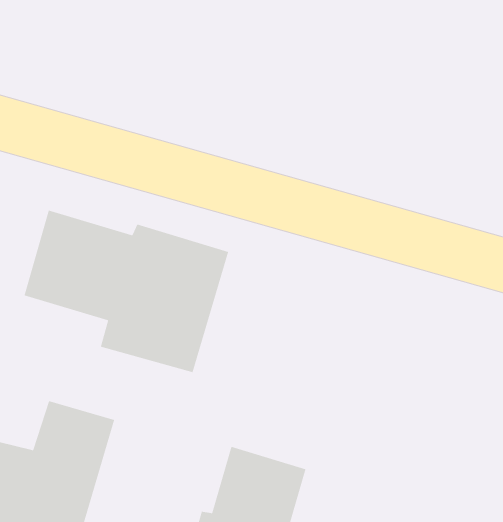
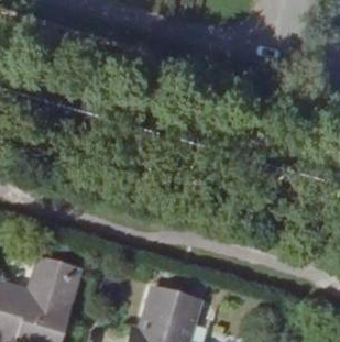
building: [24,210,229,373] -> none

